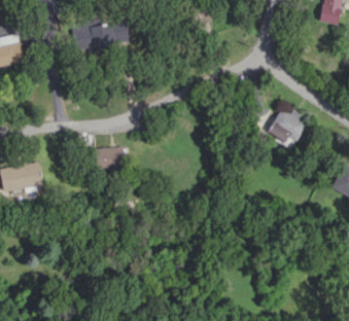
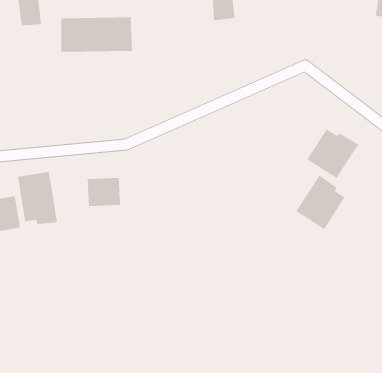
building: none -> [18,171,58,225]
building: none -> [296,174,345,230]

